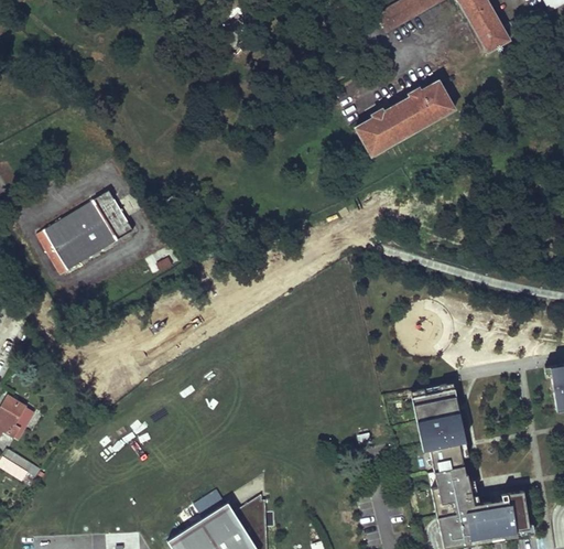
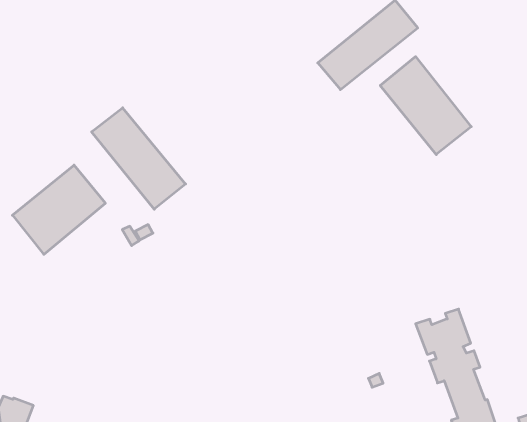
building: none -> [380,57,471,155]
building: none -> [92,108,186,209]

